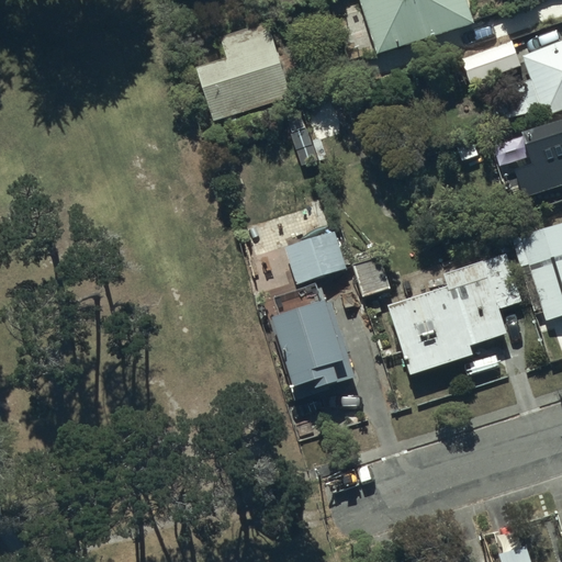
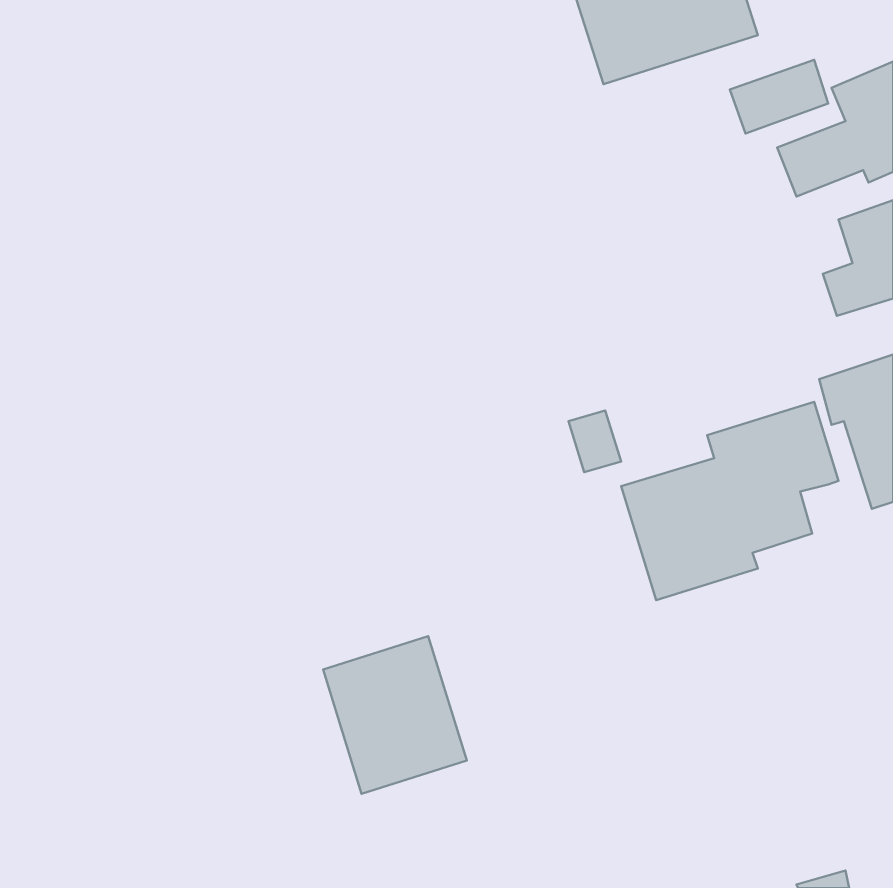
building: [196,18,292,119] -> none
building: [281,227,351,283] -> none
building: [266,301,356,400] -> [323,636,467,794]

